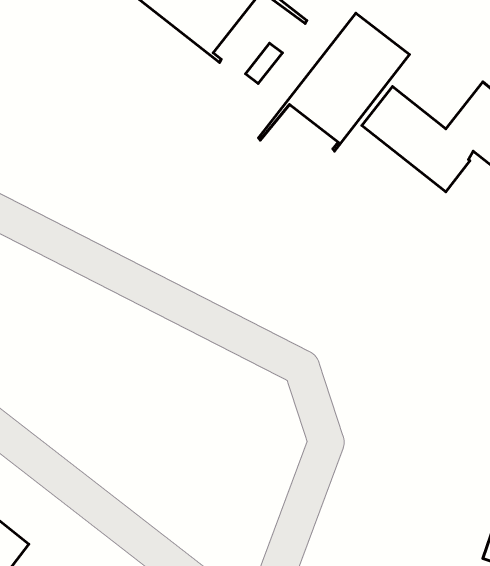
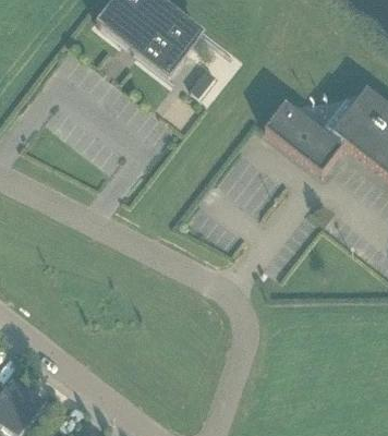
building: [258,13,410,151] -> none

